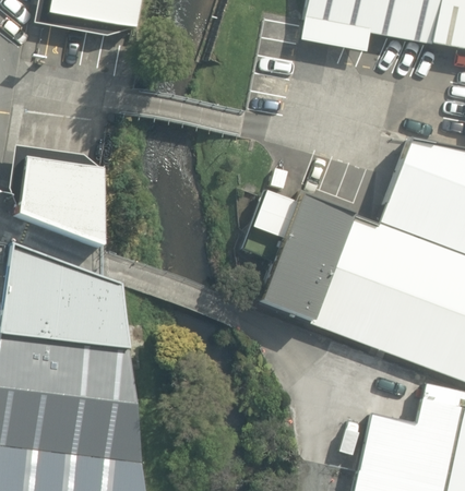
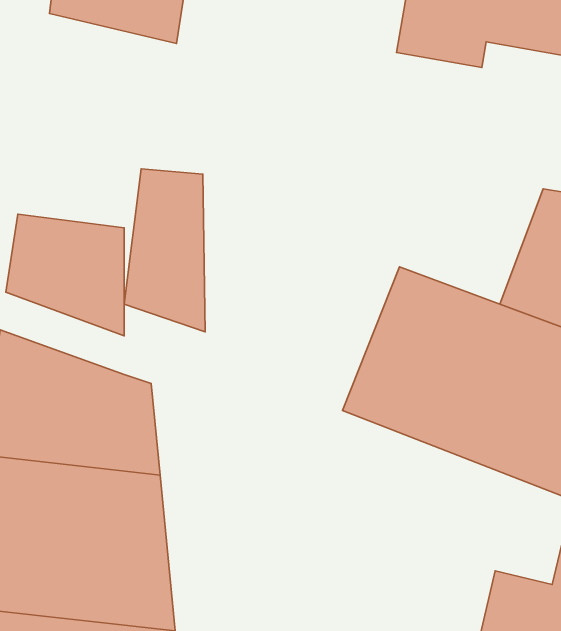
building: none -> [124,169,205,332]

